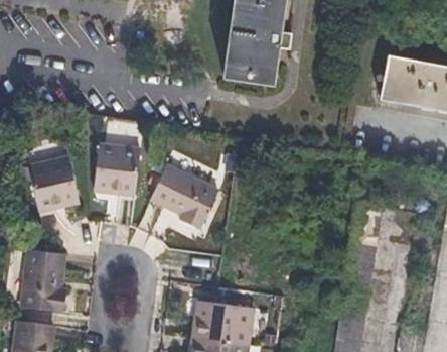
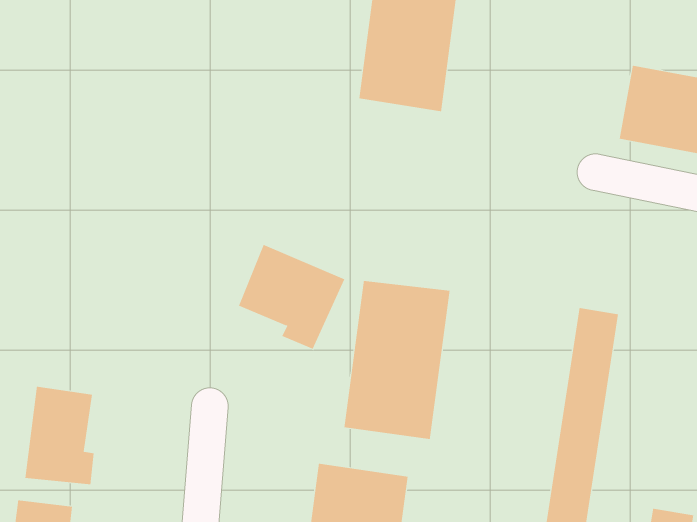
building: [97,147,140,195] -> none
building: [30,159,79,212] -> none
building: none -> [344,280,450,440]

